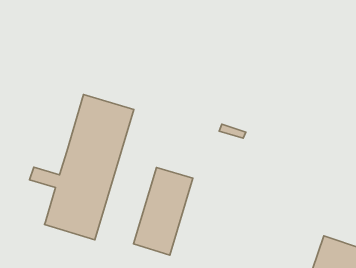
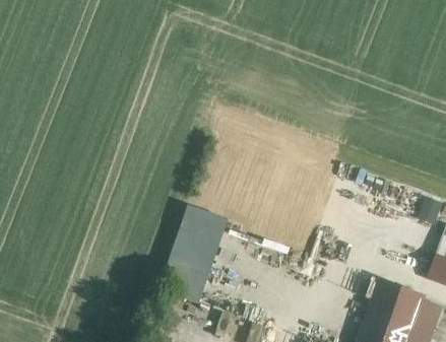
building: [30,94,134,240] -> none

